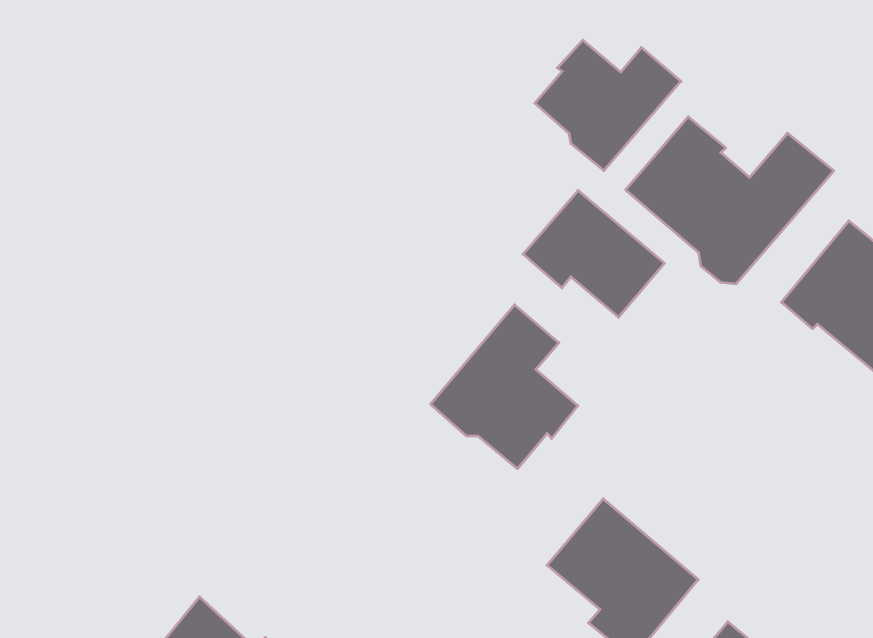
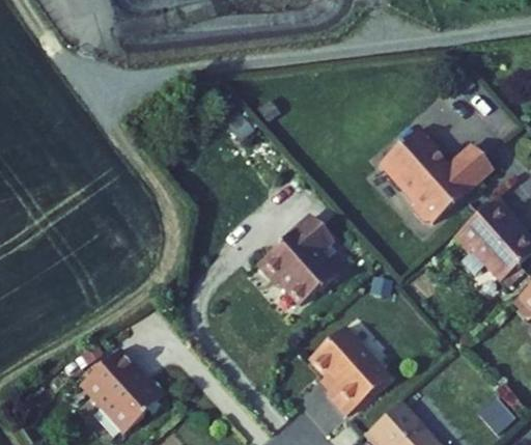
building: [535,40,681,171] -> none
building: [523,190,664,317] -> none

